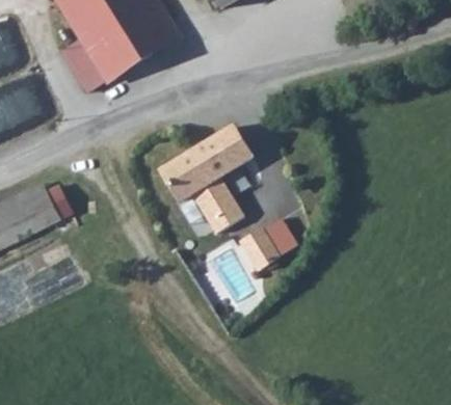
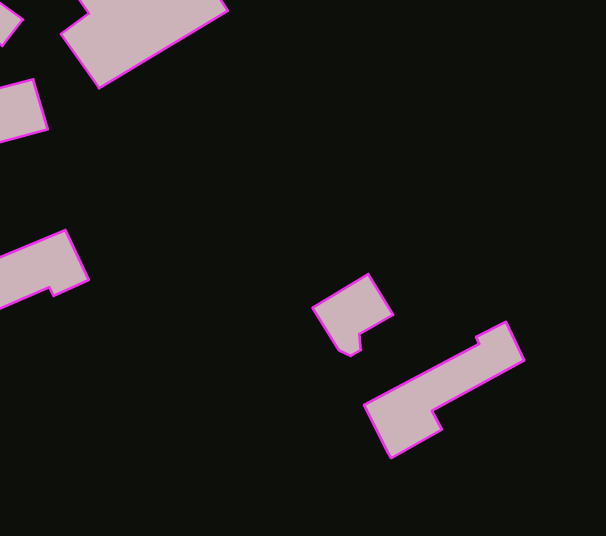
building: [156,127,250,234] -> none
building: none -> [364,322,524,458]

